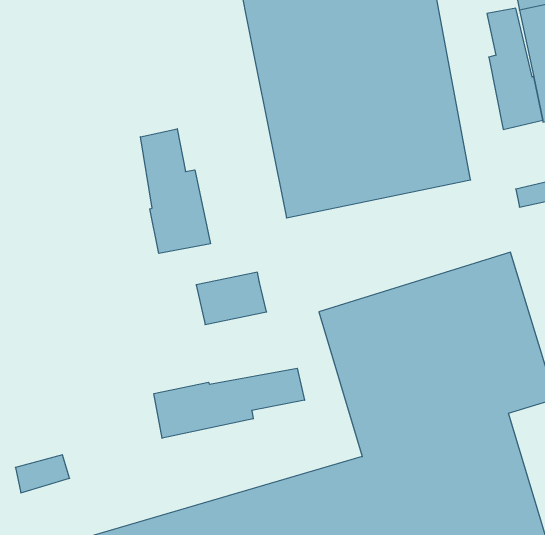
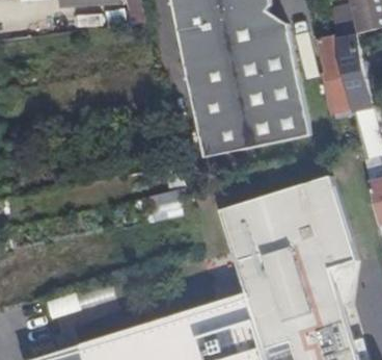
building: [140,129,210,253] -> none
building: [154,368,305,438] -> none

